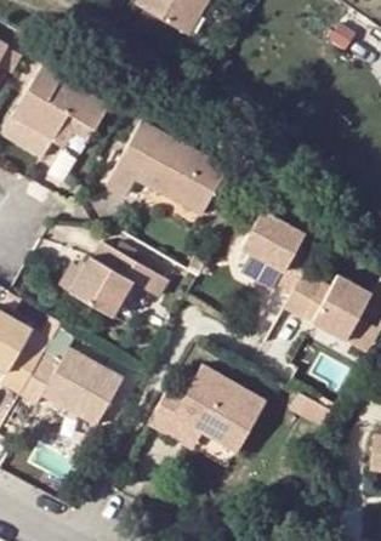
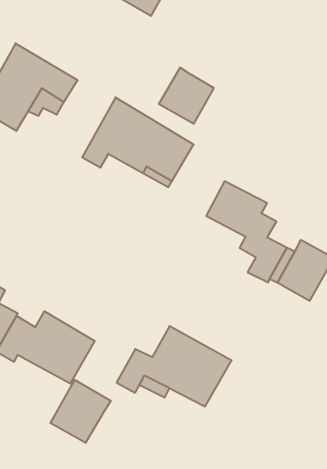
building: none -> [159,68,214,124]
building: [70,239,165,311] -> none
building: none -> [50,380,111,443]

